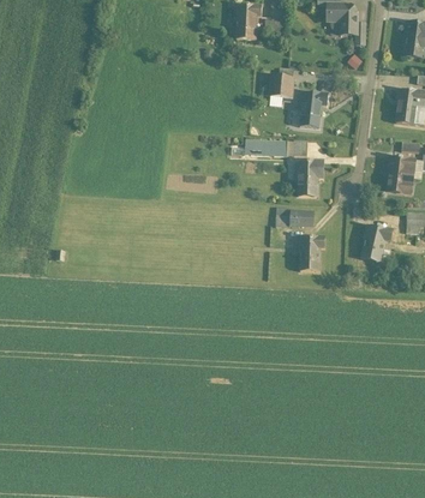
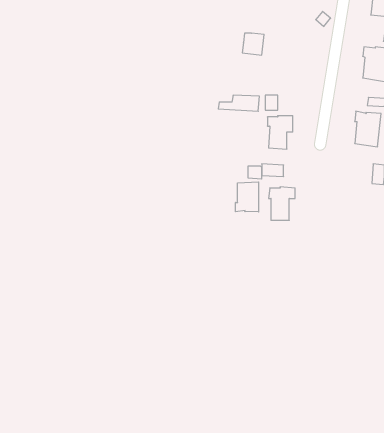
building: [300,91,328,127] -> none
building: [361,224,393,262] -> none
building: none -> [236,182,259,212]

